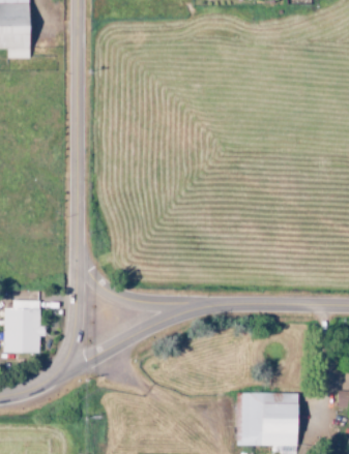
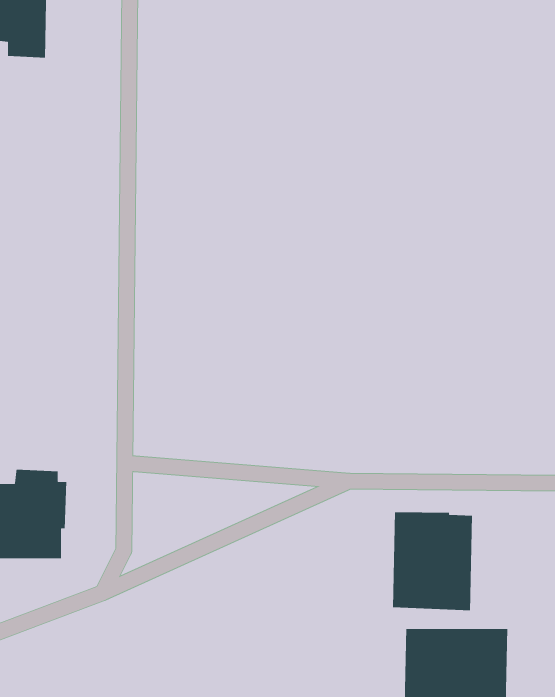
building: none -> [392,512,473,611]

